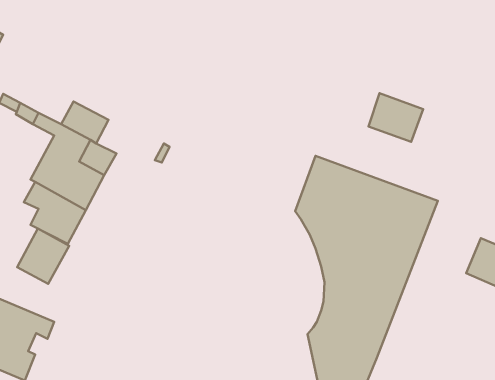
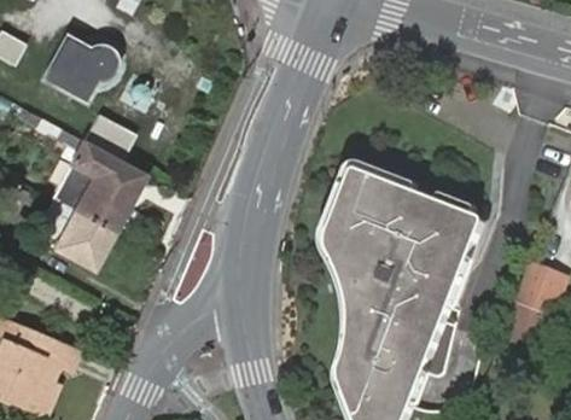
building: none -> [39,37,107,98]
building: [369,93,423,142] -> none
building: [17,228,69,284] -> none

